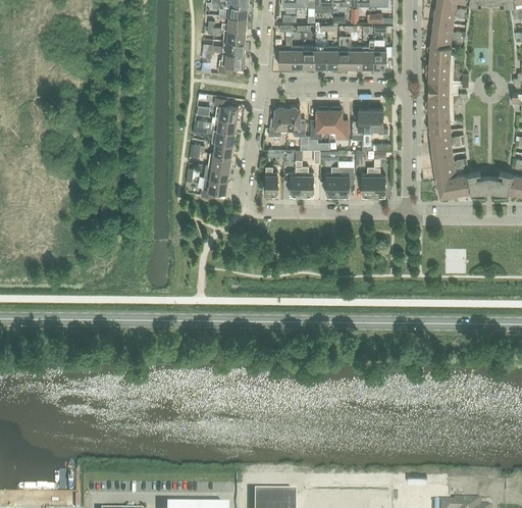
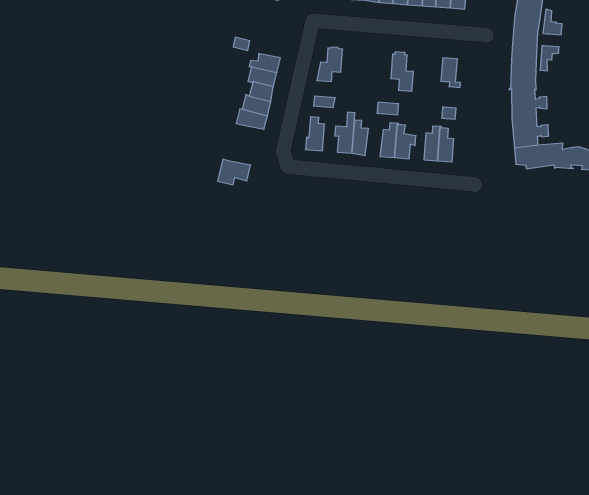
building: [214,98,239,120] -> none
building: [288,108,306,137] -> none
building: [310,108,329,139] -> none
building: [352,110,371,140] -> none
building: [201,177,227,198] -> [217,159,251,185]

